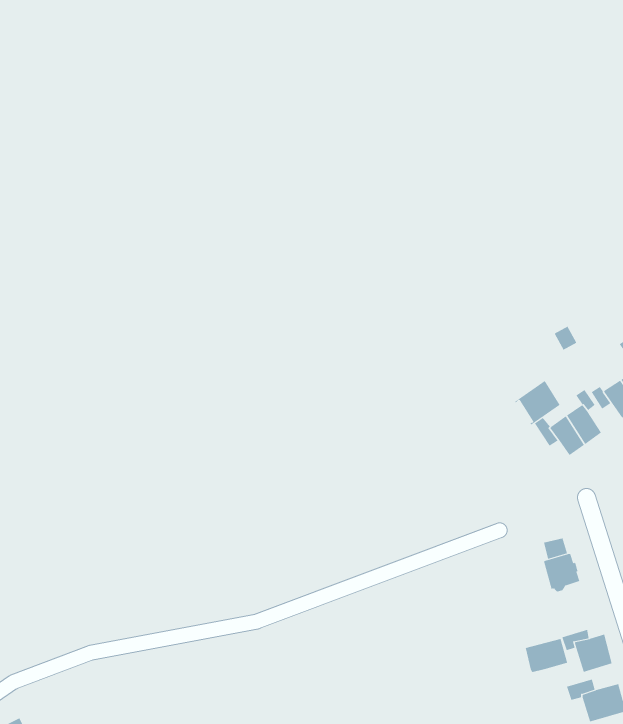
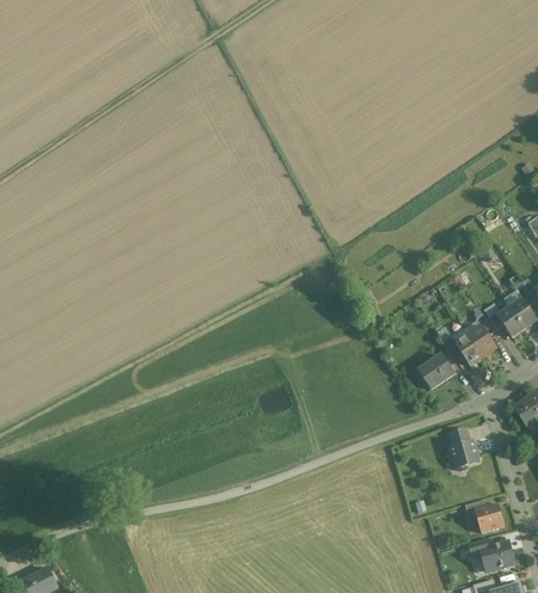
building: [514,380,561,425] -> [417,354,453,389]
building: [525,638,568,673] -> none

